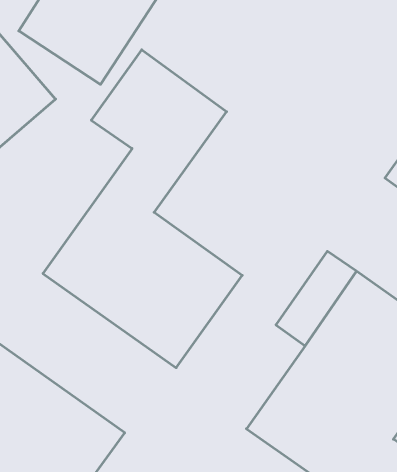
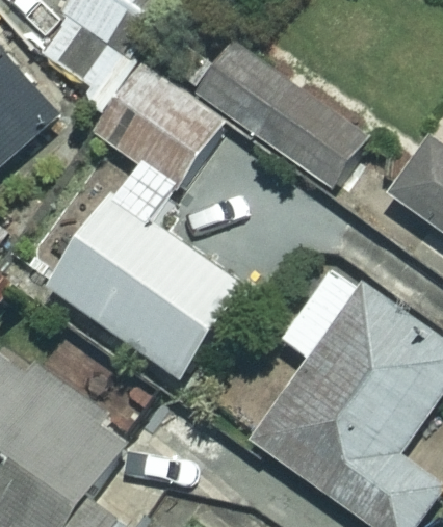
building: none -> [259,75,377,182]

